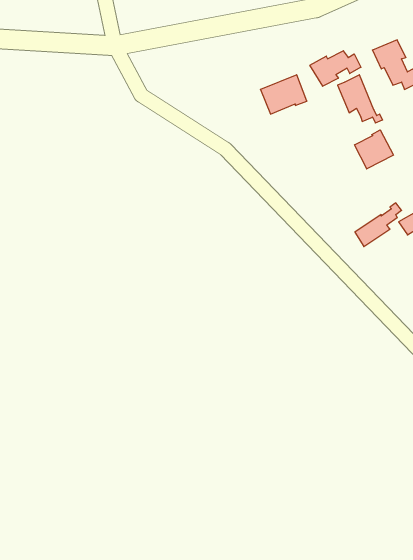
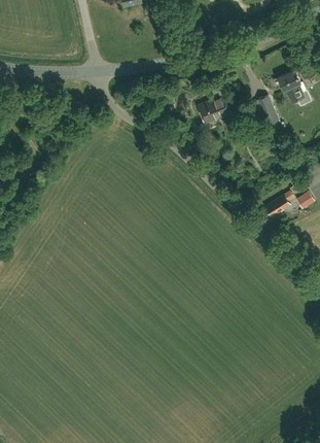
building: [310,51,361,86] -> none
building: [355,130,393,169] -> none

